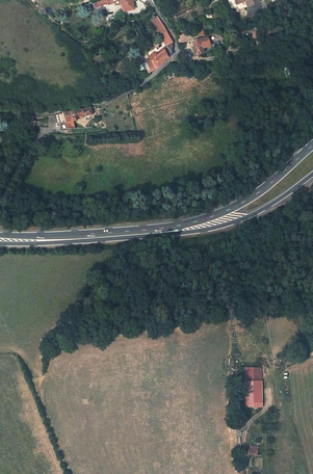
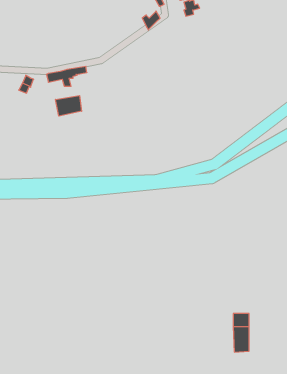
building: none -> [56,96,82,116]

